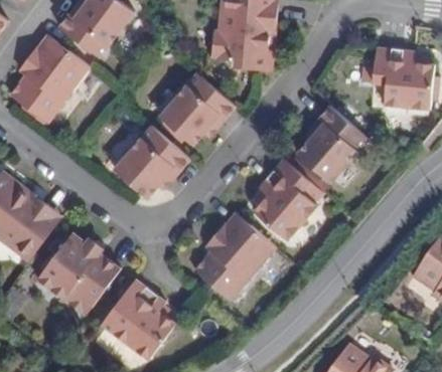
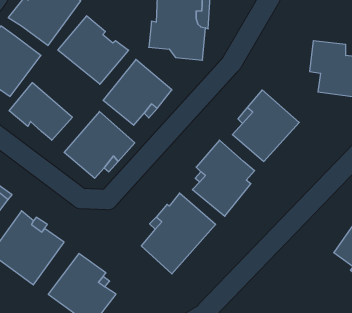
building: none -> [58,16,129,84]
building: none -> [9,83,72,140]

